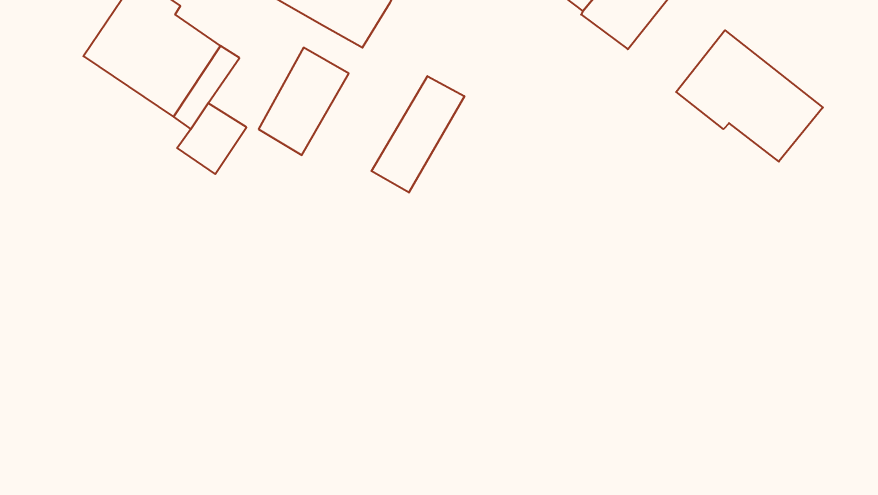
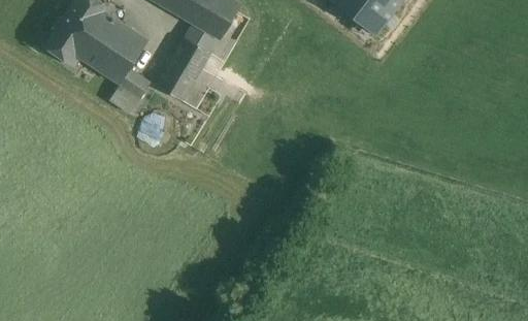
building: none -> [185,22,220,52]
building: [676,30,823,162] -> none
building: [371,76,464,193] -> none

